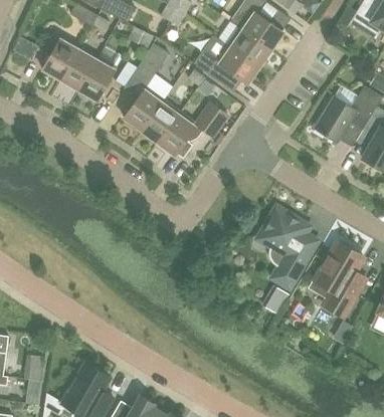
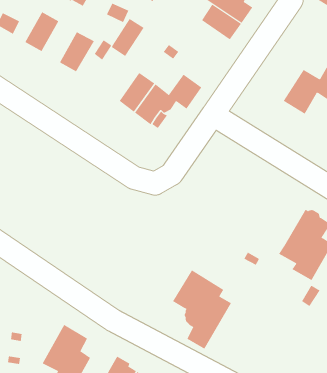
building: [193,45,258,89] -> none
building: [61,46,98,89] -> none
building: [125,87,163,130] -> none
building: [256,206,319,289] -> [172,270,232,349]

